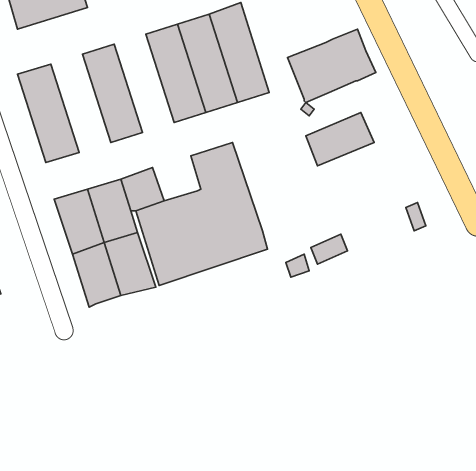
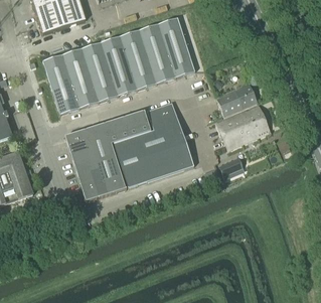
building: [287,29,376,102] -> [216,104,270,148]
building: none -> [101,35,137,95]
building: none -> [62,47,99,107]
building: none -> [124,110,151,136]

